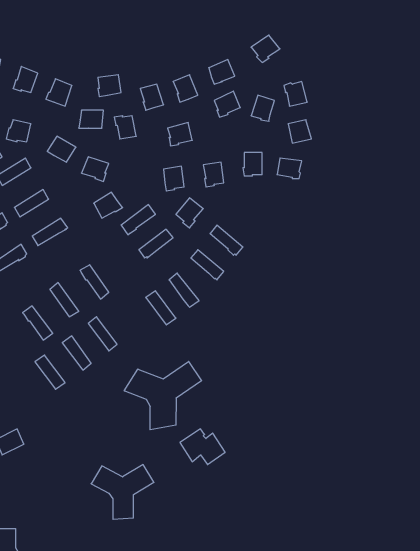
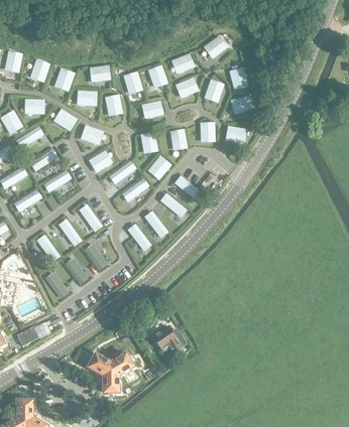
building: [124,361,202,430] -> none

